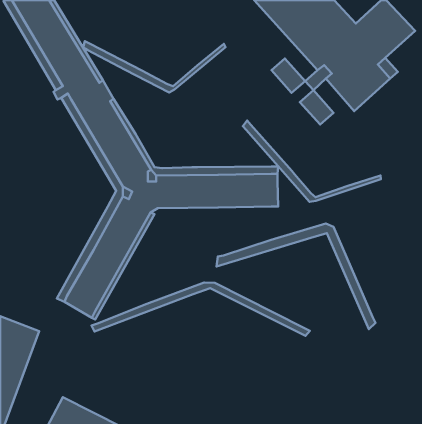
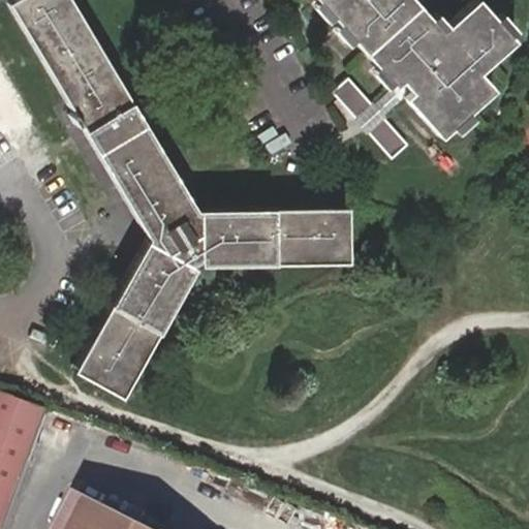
building: [83,41,225,93] -> none
building: [243,121,381,202] -> none
building: [217,224,375,329] -> none
building: [91,282,310,336] -> none

